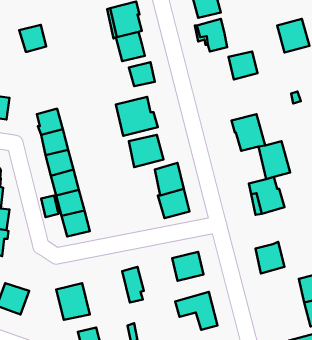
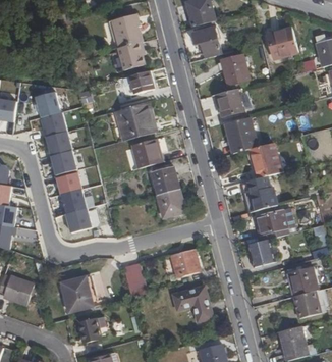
building: [19,25,46,52] -> [35,92,60,117]
building: none -> [217,89,243,115]
building: none -> [258,210,289,240]

